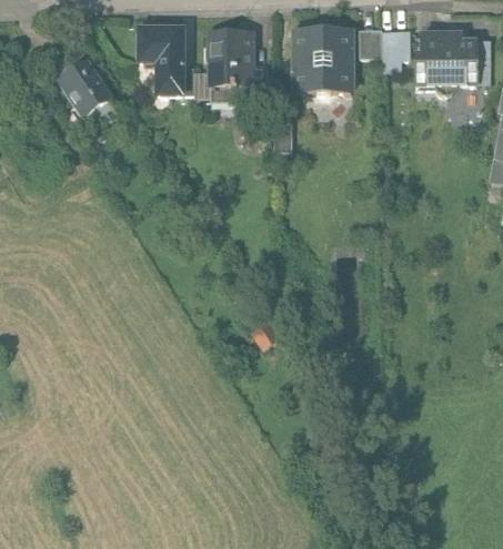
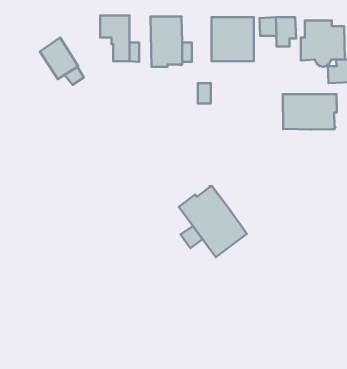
building: none -> [283,94,337,129]
building: none -> [179,186,247,257]

